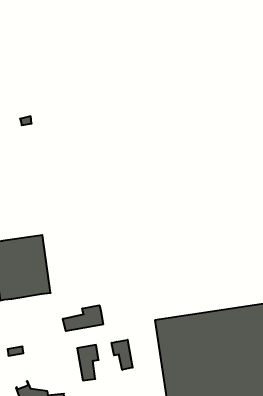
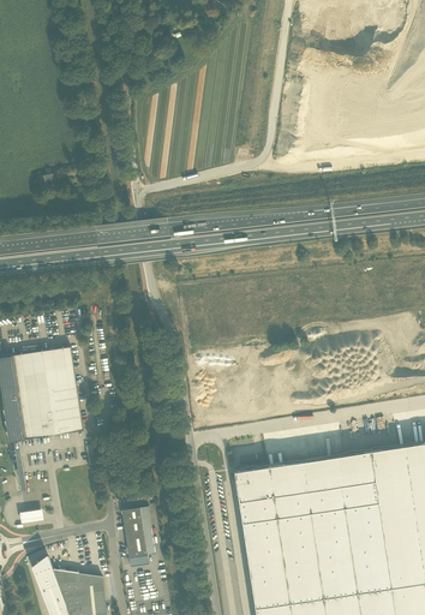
building: [63,305,103,331] -> none
building: [112,340,133,370] -> none

